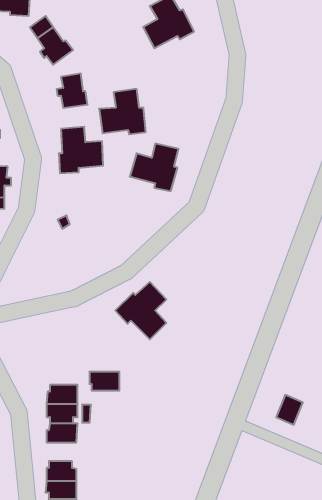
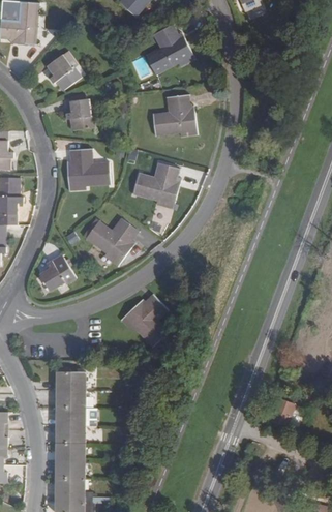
building: [99,89,146,134] -> [152,94,195,137]
building: none -> [86,218,137,266]
building: none -> [39,257,76,292]
building: [89,372,119,391] -> [57,371,85,389]
building: none -> [56,443,84,460]

